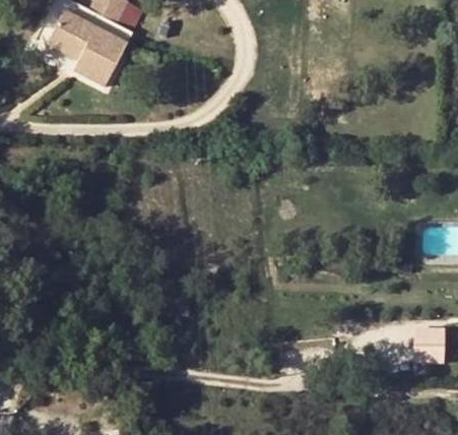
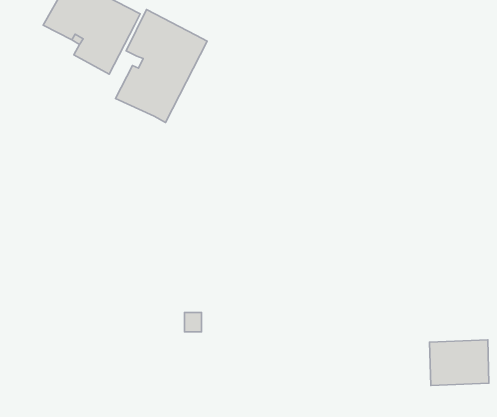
building: none -> [116,9,207,122]

